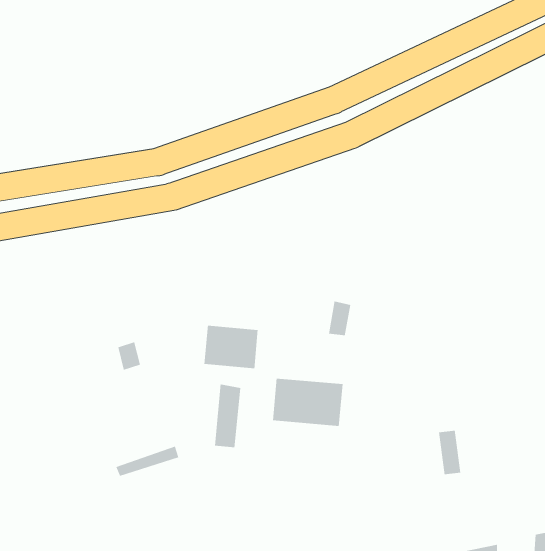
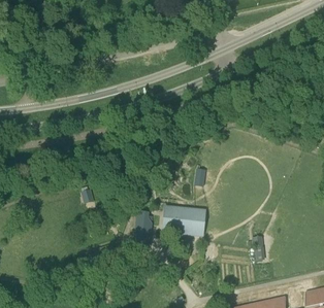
building: [204,325,258,369] -> none

